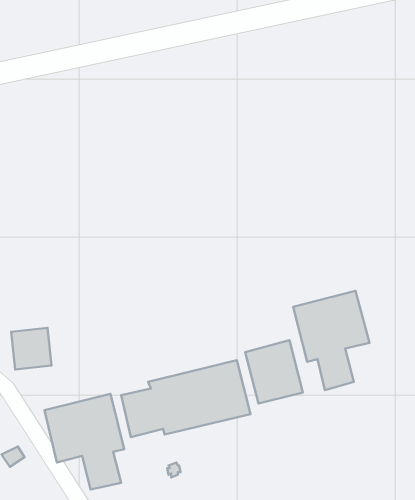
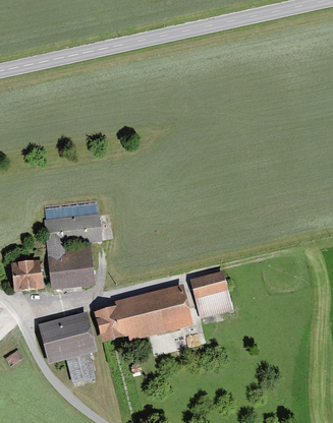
building: none -> [44,212,102,288]
building: [293,291,369,390] -> none

